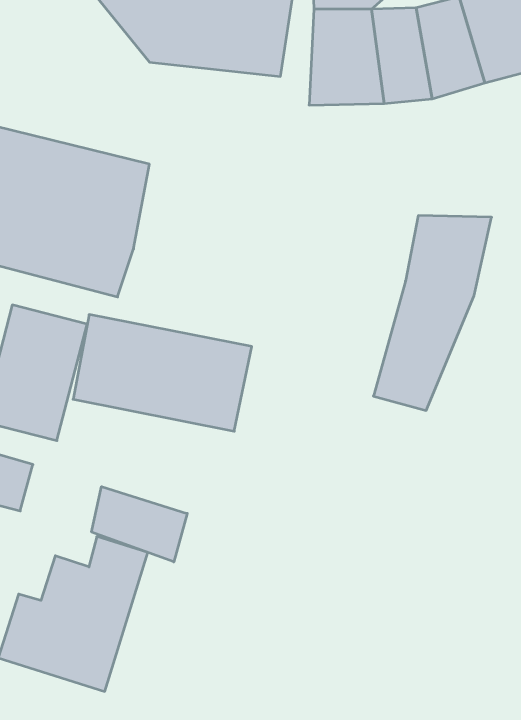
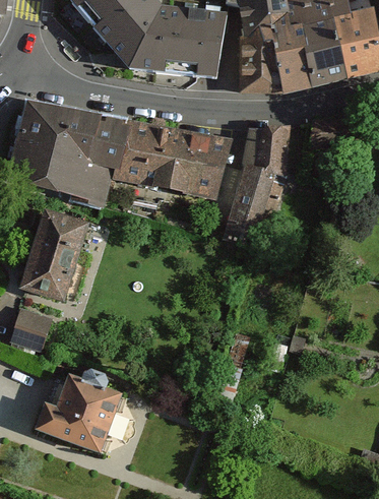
building: [373,216,492,410] -> [222,119,297,243]
building: [73,315,252,431] -> [120,125,234,199]
building: [92,487,187,562] -> none

